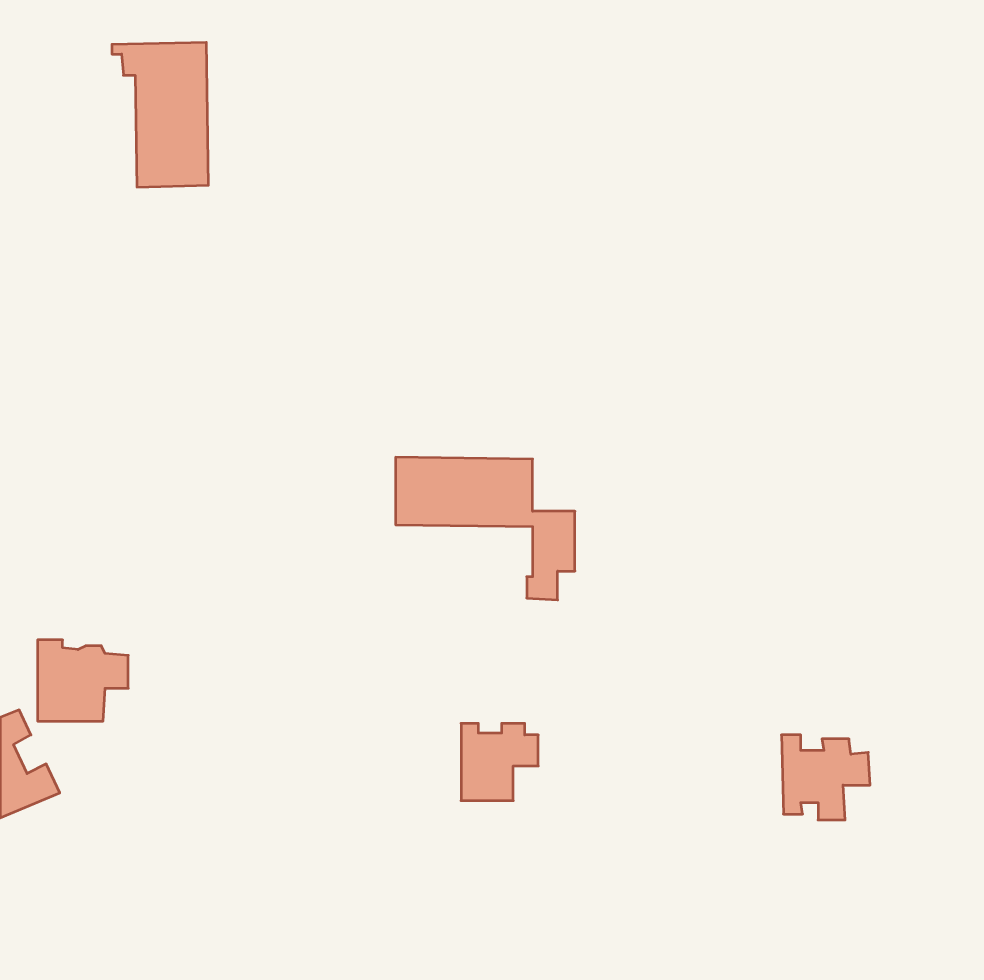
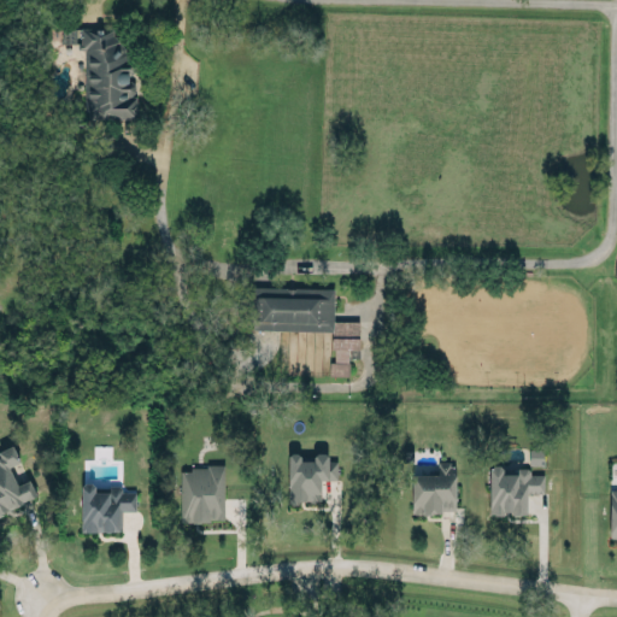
building: [38,640,128,721] -> [81,483,137,534]
building: none -> [412,462,457,513]
building: none -> [181,466,224,524]

